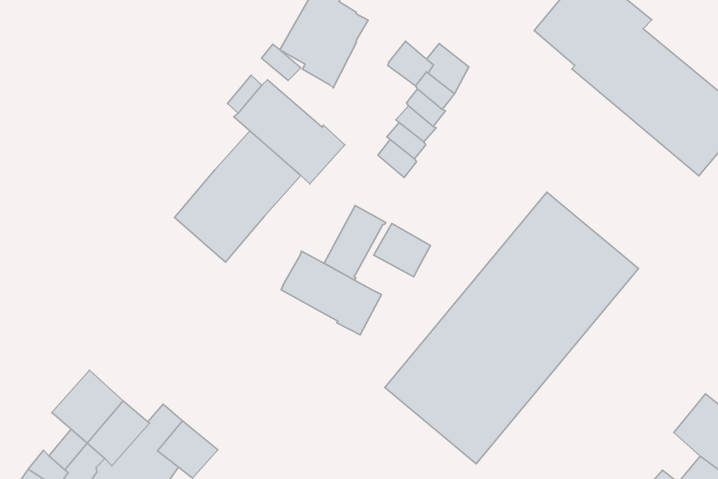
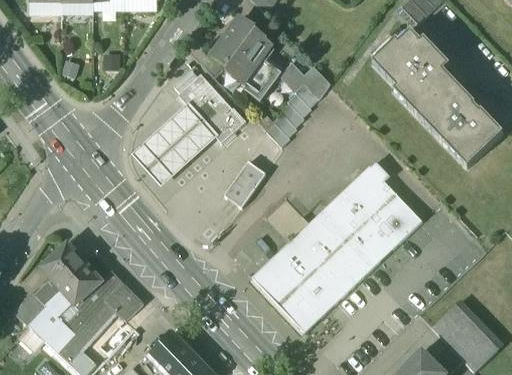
building: none -> [239,56,281,101]
building: [374,223,431,277] -> none
building: [281,251,381,335] -> none

